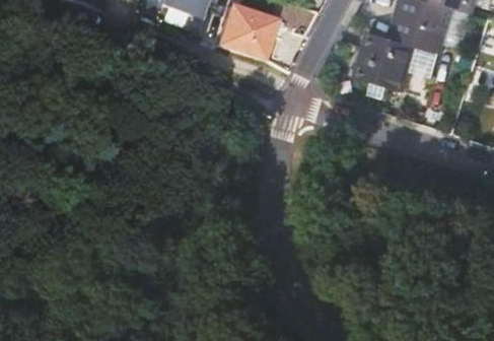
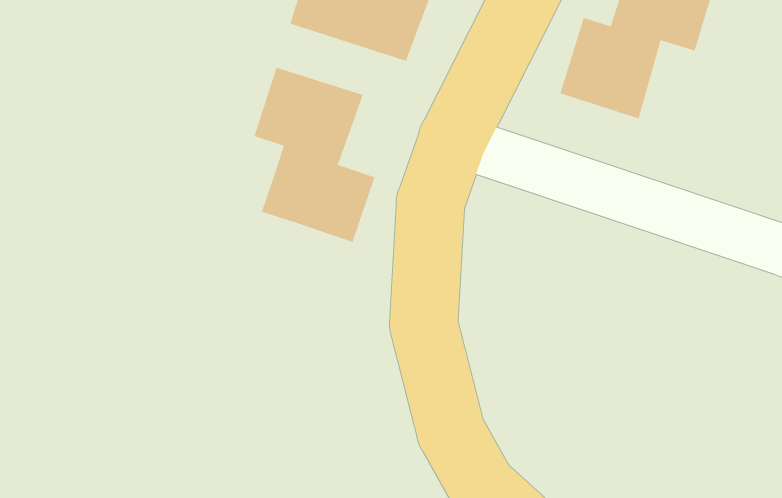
building: none -> [254,67,375,243]

